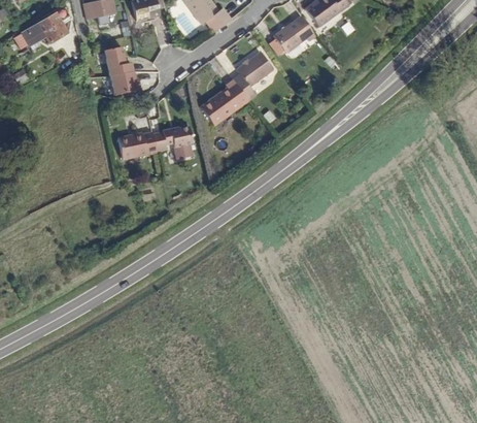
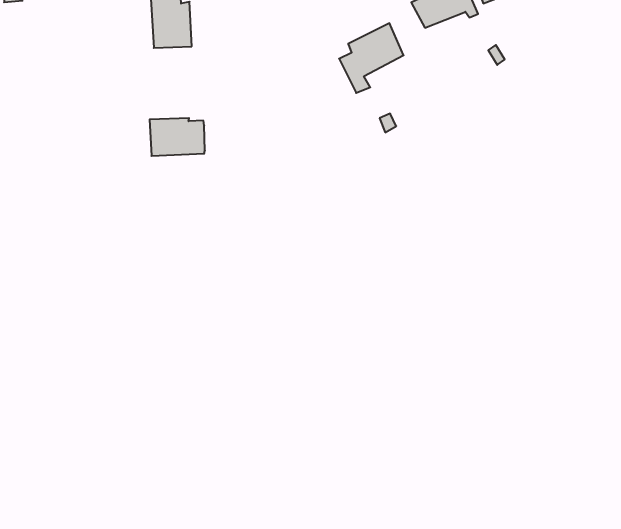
building: [199,78,245,123] -> none
building: [154,126,194,160] -> none

